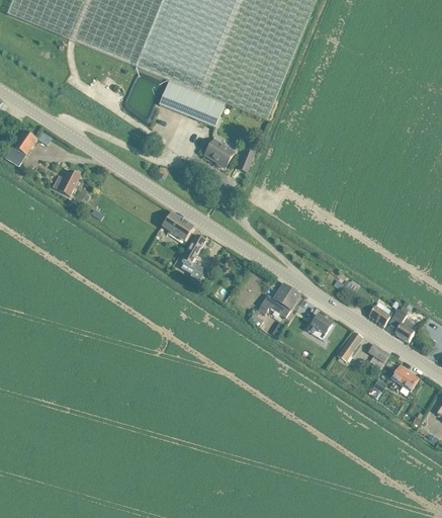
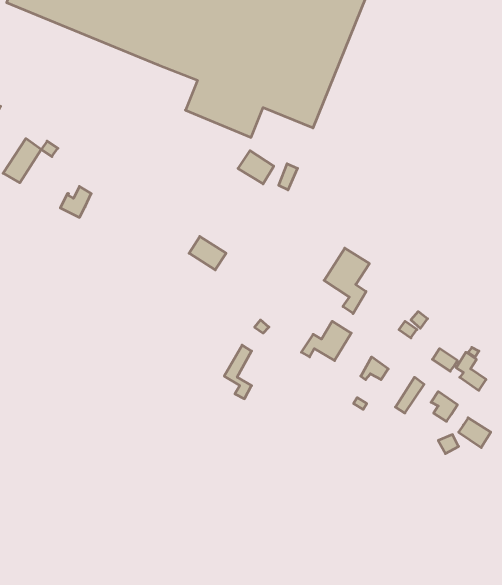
building: none -> [324,248,369,314]
building: [181,234,204,279] -> [224,345,252,399]

